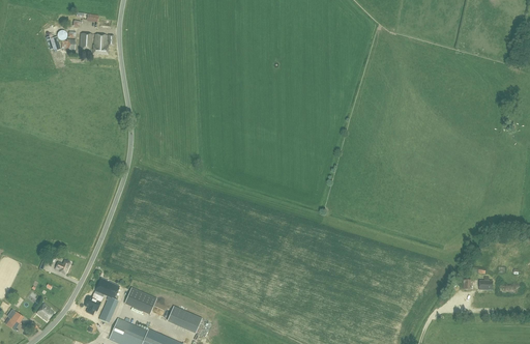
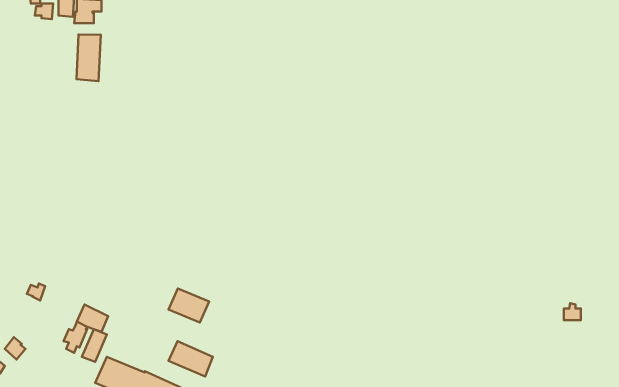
building: none -> [77,34,101,81]
building: [123,287,155,314] -> [169,289,209,323]

